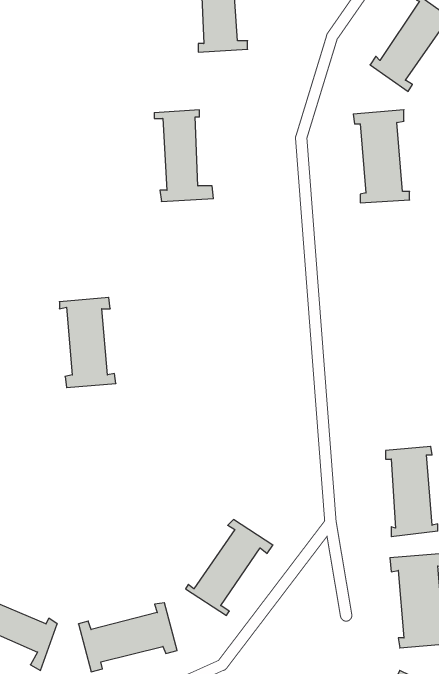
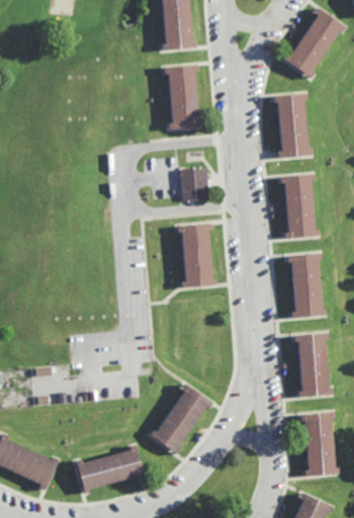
building: [154,110,213,201] -> [164,65,206,131]
building: none -> [178,168,204,201]
building: none -> [279,174,321,239]
building: [59,297,116,388] -> [177,224,217,288]
building: none -> [286,253,328,319]

